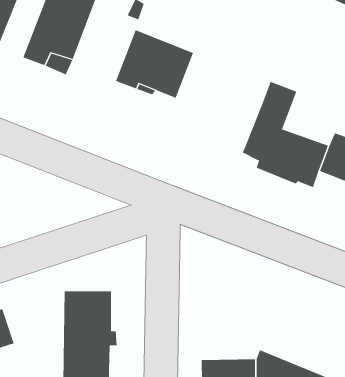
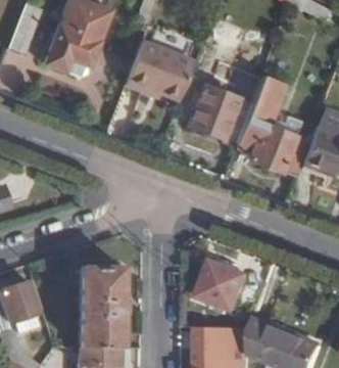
building: none -> [190,86,252,144]
building: none -> [197,261,246,311]

